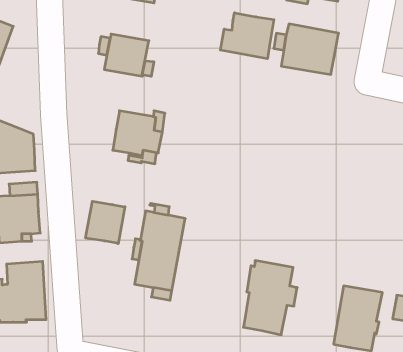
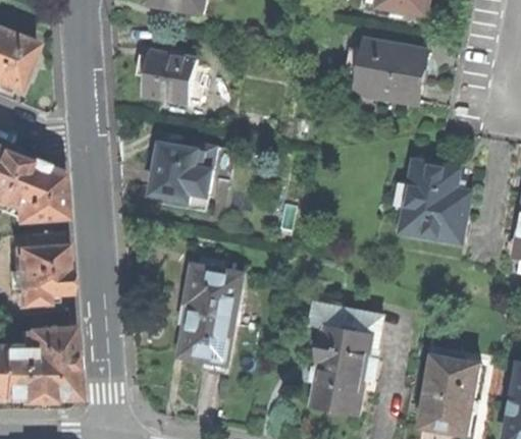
building: [220,13,274,59] -> none
building: none -> [401,160,471,240]
building: [86,201,125,244] -> none
building: none -> [311,304,382,359]

